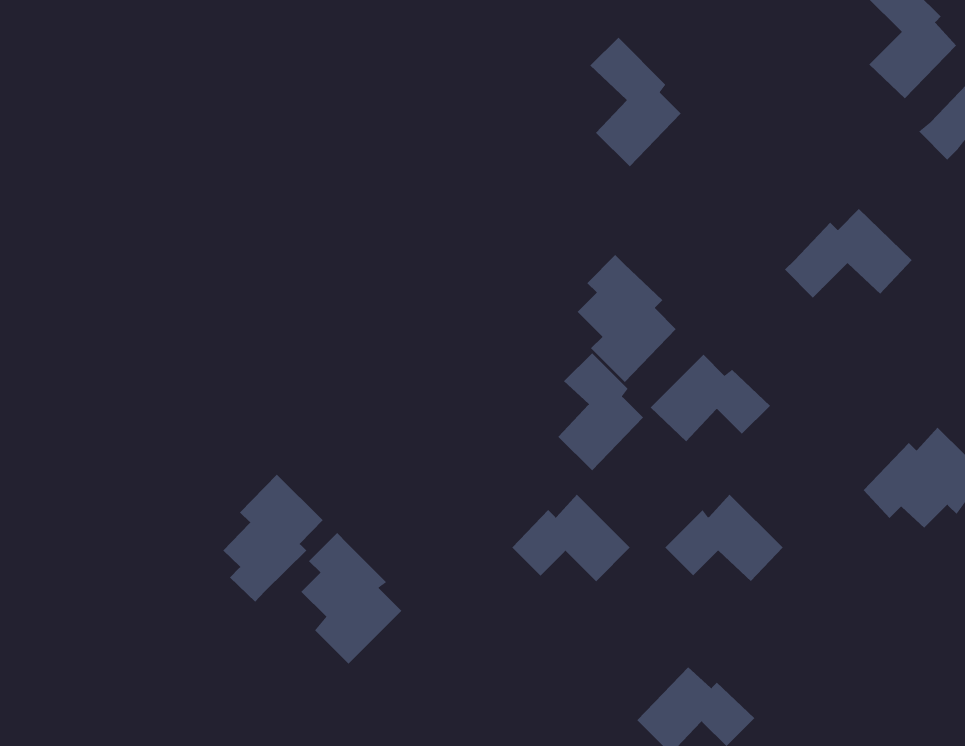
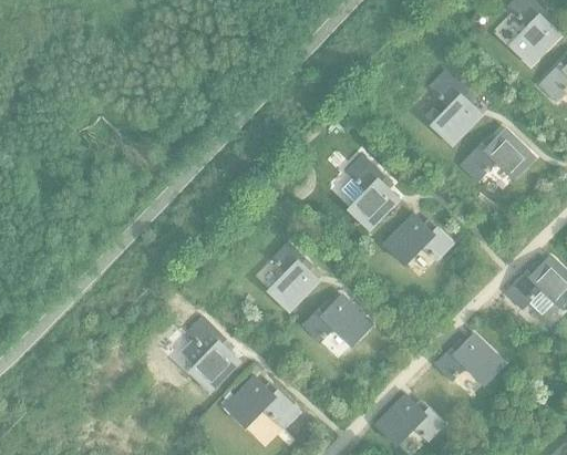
building: [590,37,682,167] -> [427,70,481,145]
building: [557,352,644,471] -> [268,242,318,311]
building: [222,474,323,602] -> none
building: [664,494,783,582] -> [434,332,503,383]
building: none -> [224,375,299,433]

